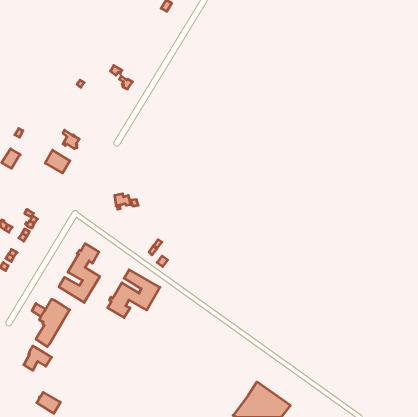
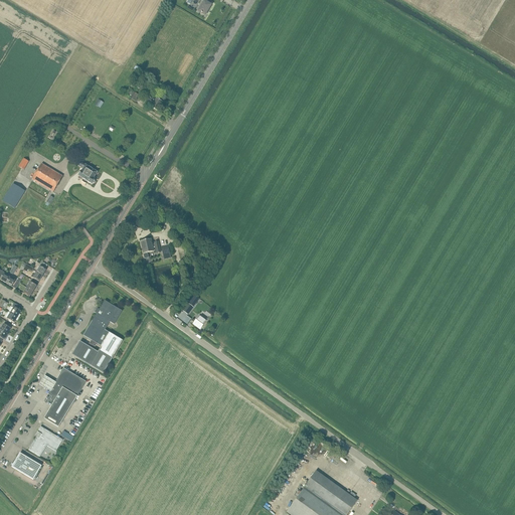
building: [45,150,70,173] -> [32,163,62,191]
building: [108,270,160,318] -> none
building: [37,392,60,413] -> [12,453,41,479]

